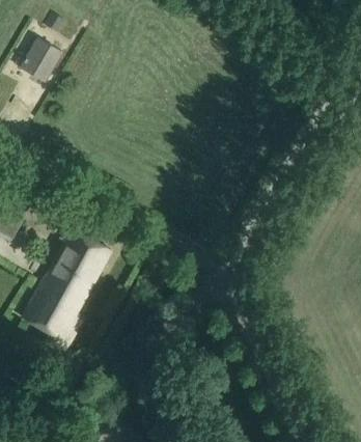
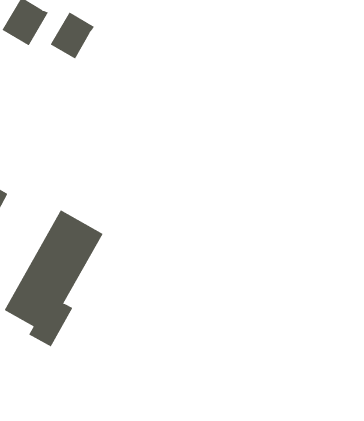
building: none -> [50,12,95,60]

